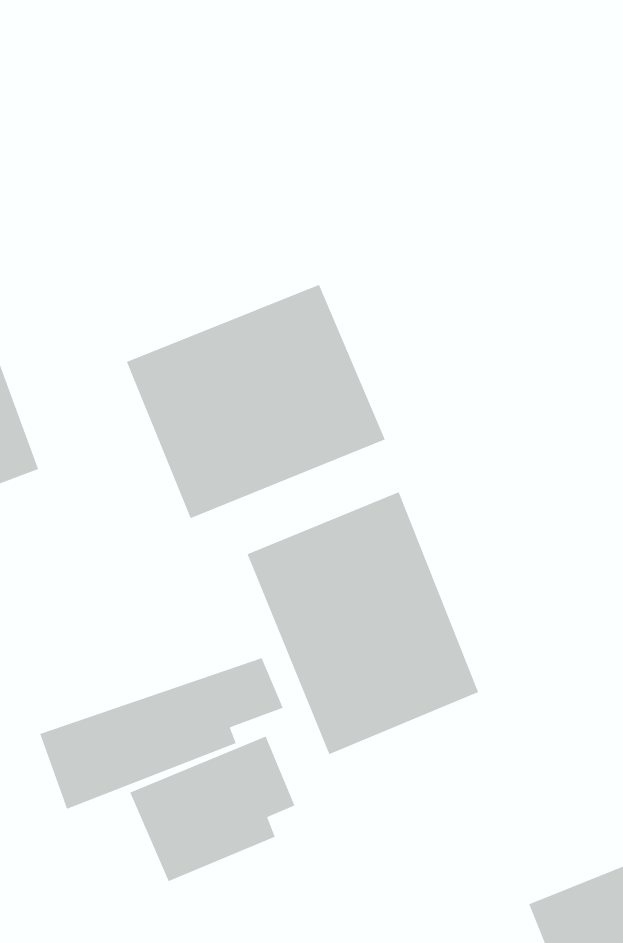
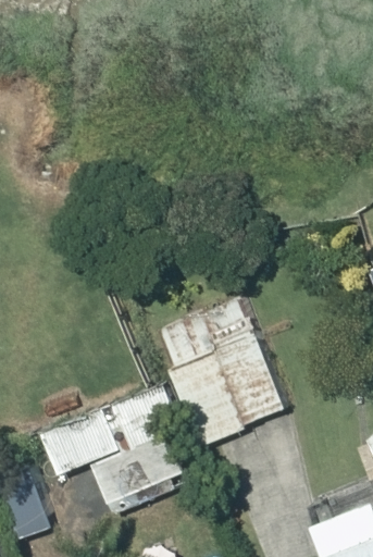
building: [126,284,386,519] -> none

